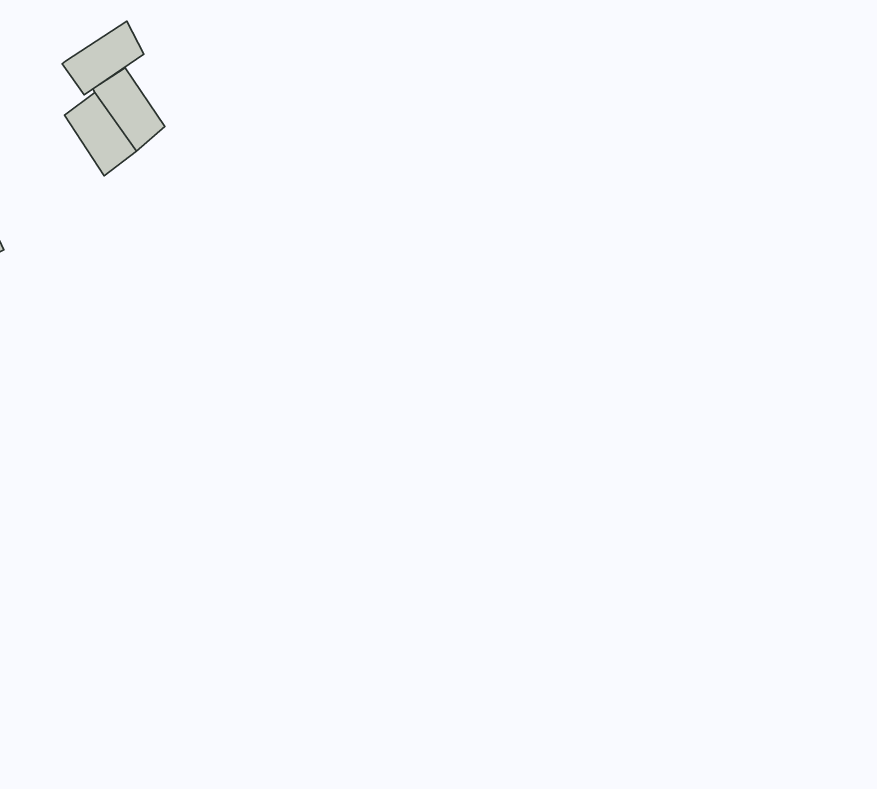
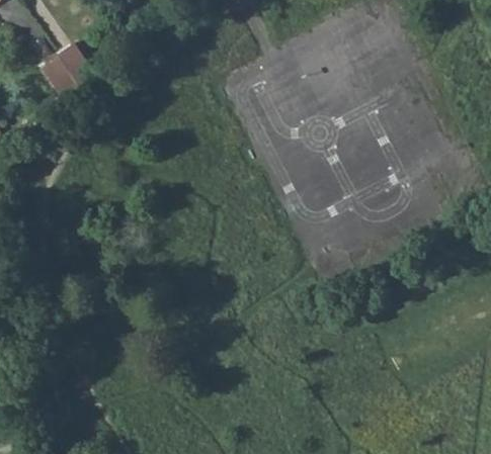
building: [62,21,144,95] -> none

